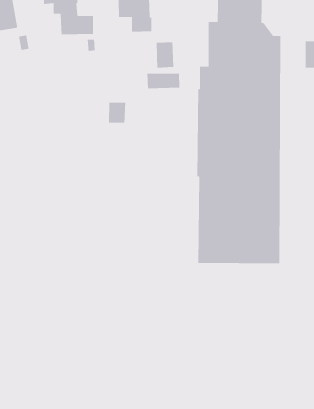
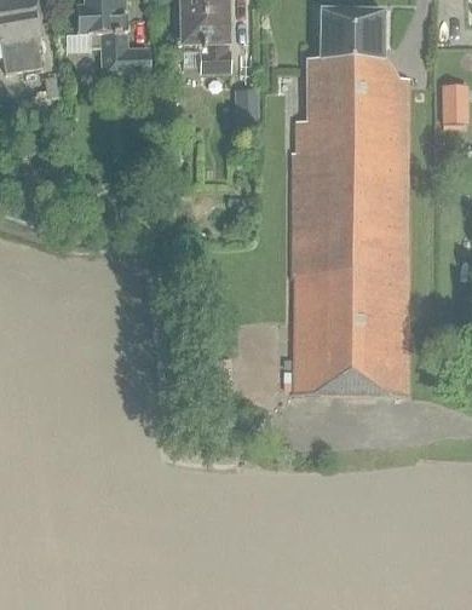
building: [146,73,180,89] -> none
building: [108,102,126,124] -> none

